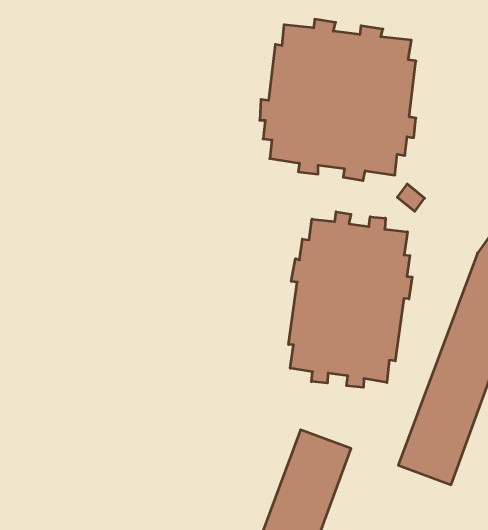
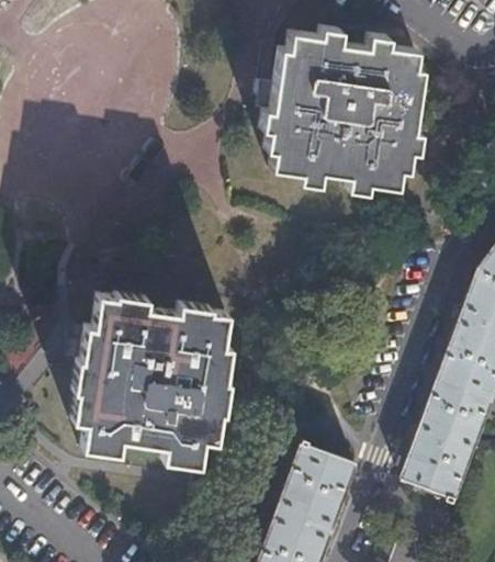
building: [289,212,412,387] -> none
building: none -> [75,297,229,467]

